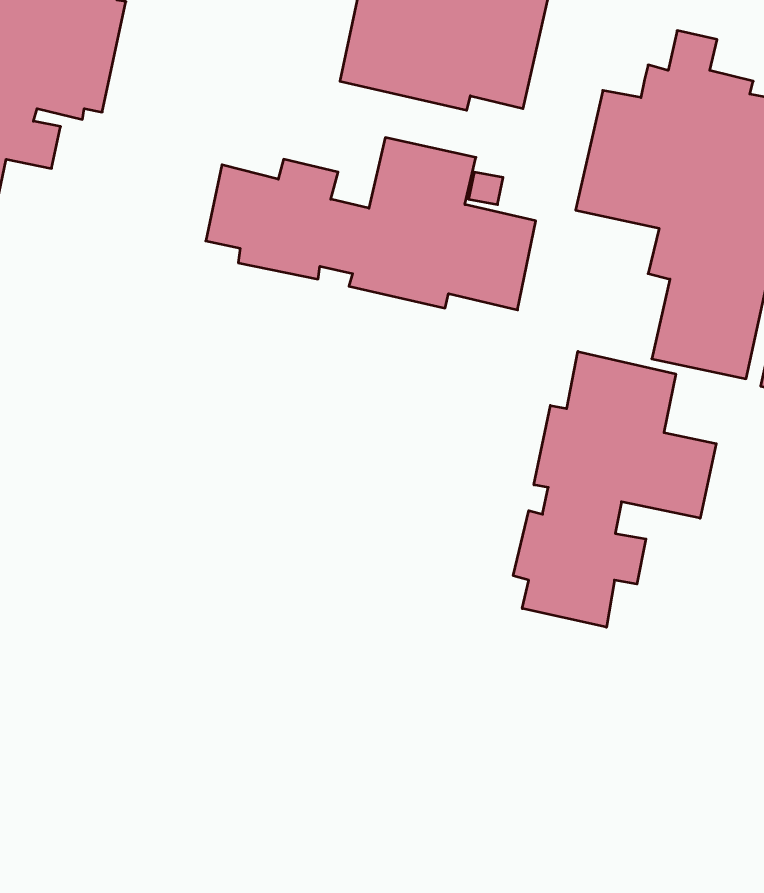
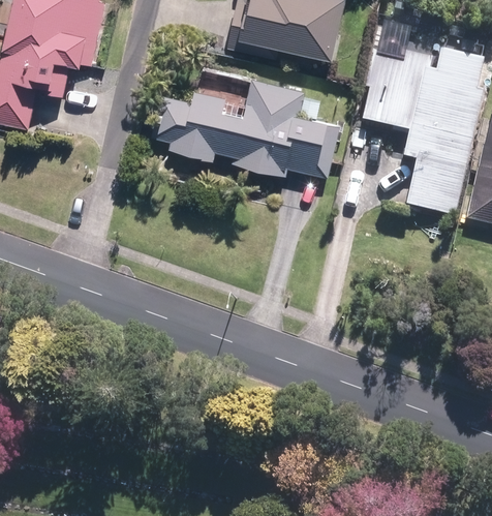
building: [513,351,716,627] -> none

